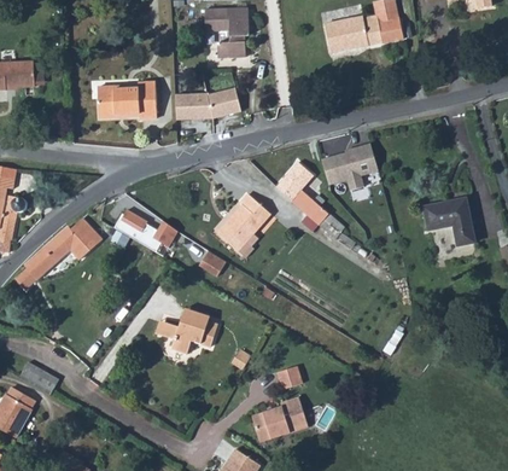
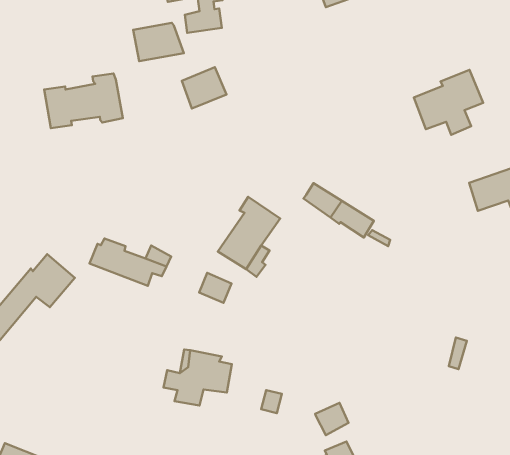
building: [175,92,212,118] -> [133,23,184,61]
building: [325,144,379,193] -> [414,70,483,135]
building: [278,161,315,198] -> none

